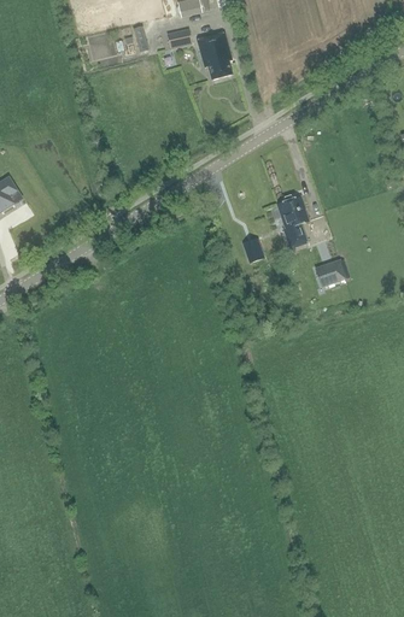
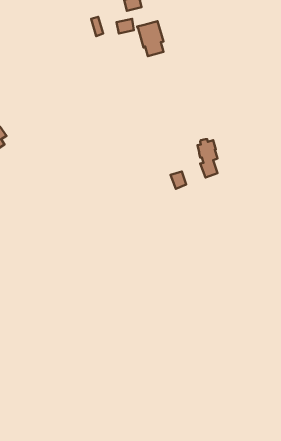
building: [316,259,347,287] -> none

